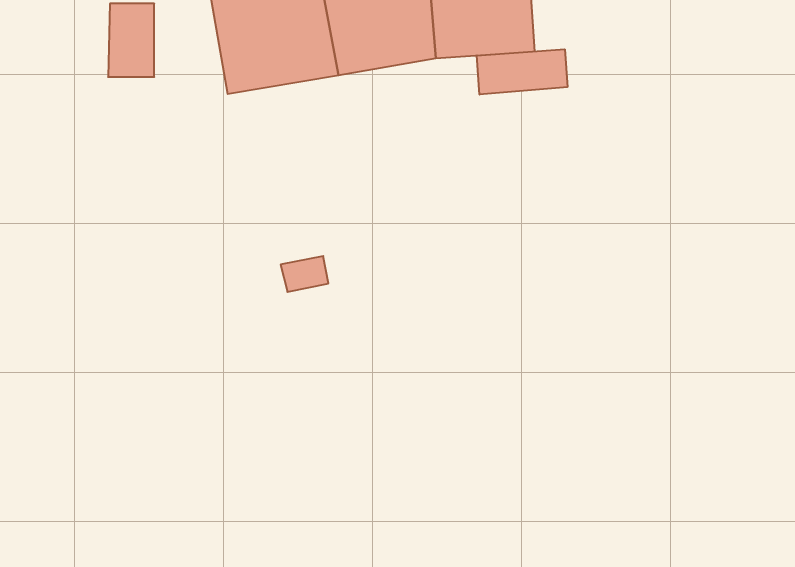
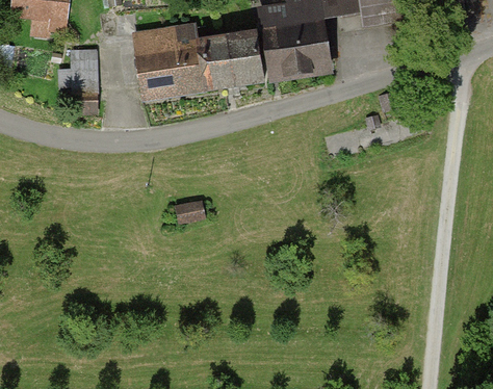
building: [477,49,567,95] -> none

